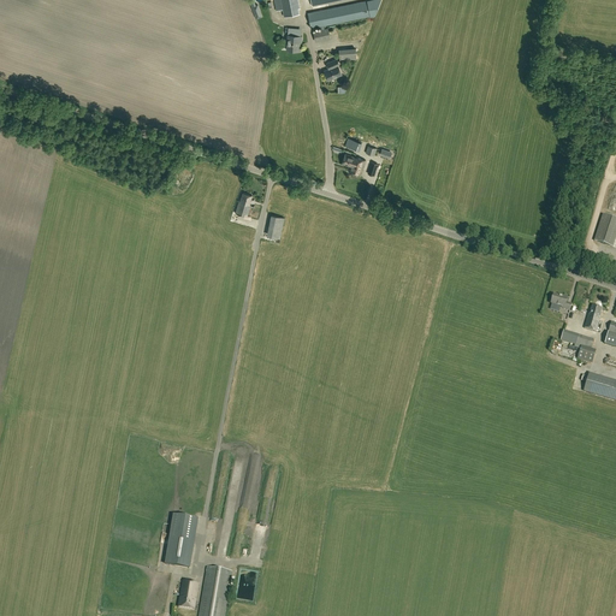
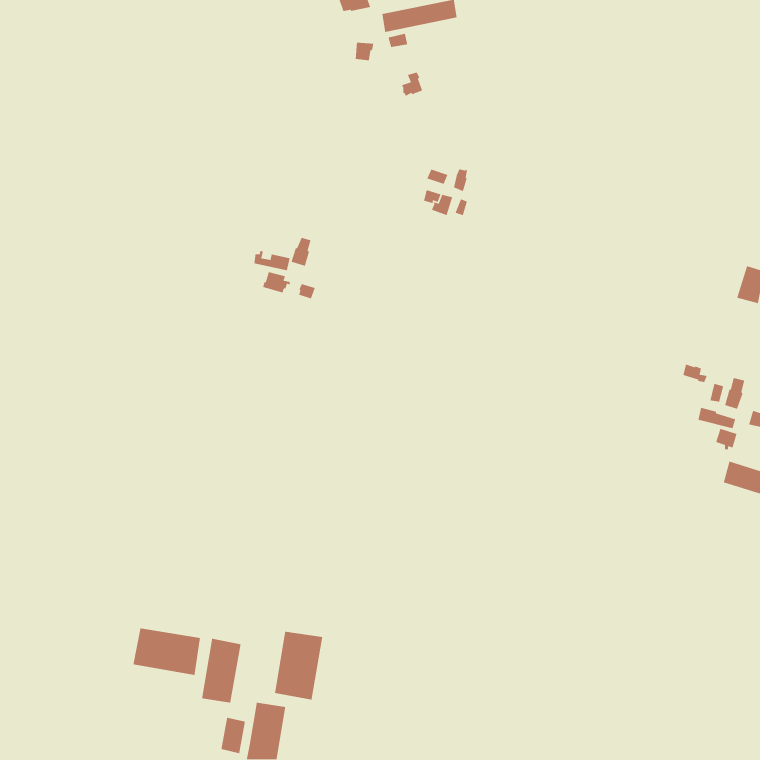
building: none -> [133,627,201,676]
building: none -> [274,631,323,701]

